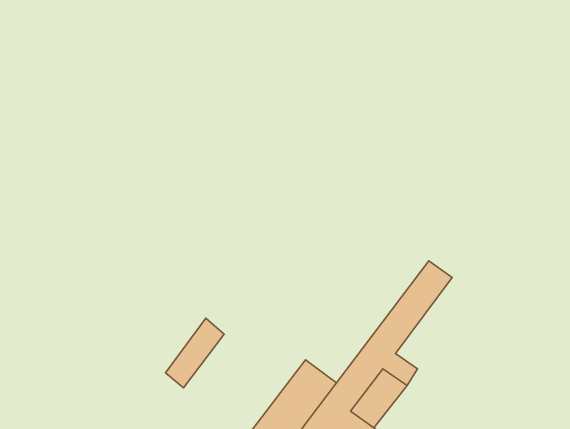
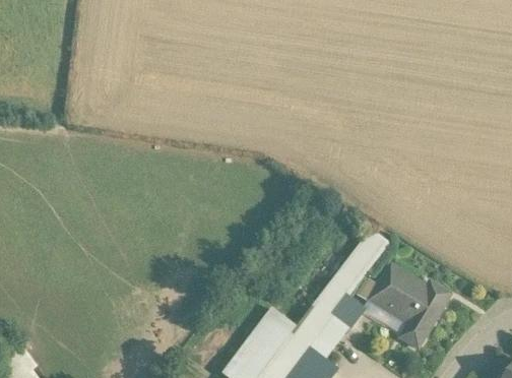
building: none -> [369,264,449,348]
building: [165,318,224,388] -> none

